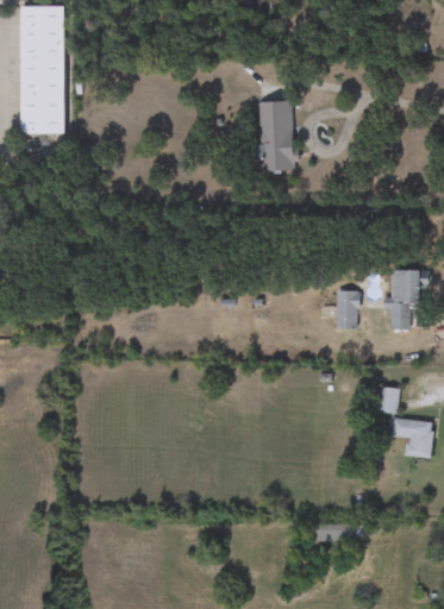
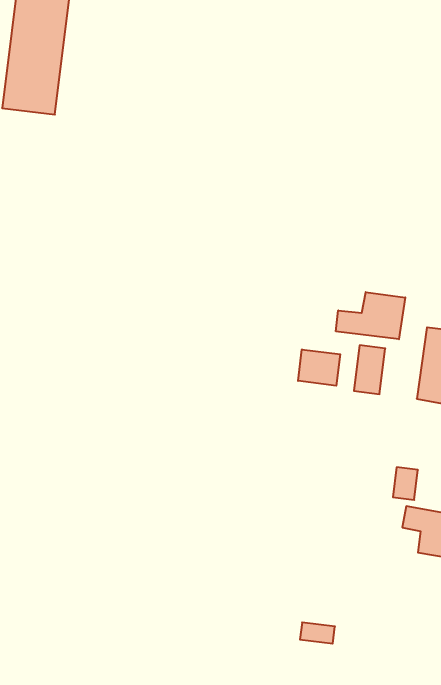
building: [259,101,295,170] -> none
building: none -> [336,292,405,339]
building: none -> [298,349,340,386]

